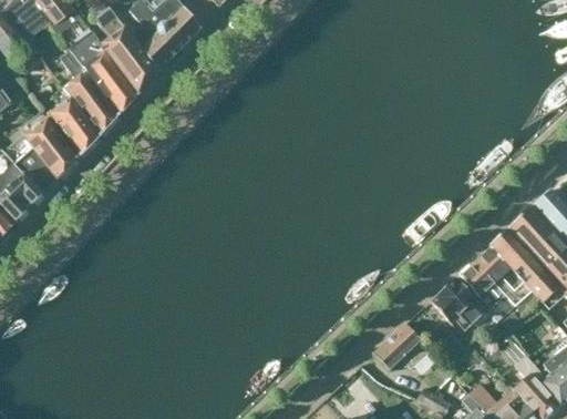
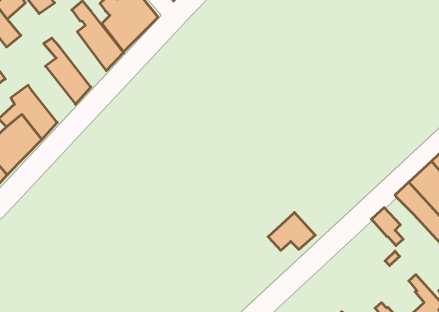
building: [66,32,136,113] -> none
building: [49,88,99,153] -> none
building: [475,247,522,305] -> none
building: [430,277,486,330] -> none
building: [373,323,431,369] -> [268,212,315,250]

